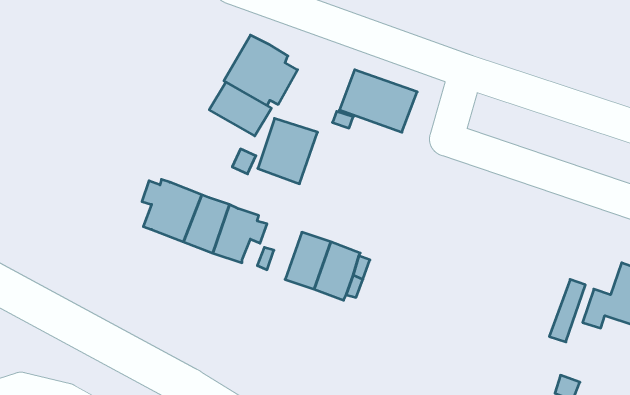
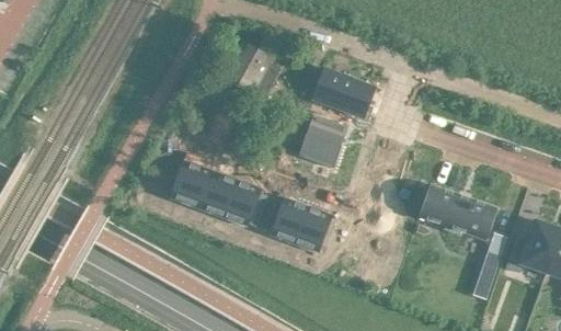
building: [209,82,271,136] -> none
building: [258,118,318,184] -> [299,117,346,169]
building: none -> [417,185,495,241]

